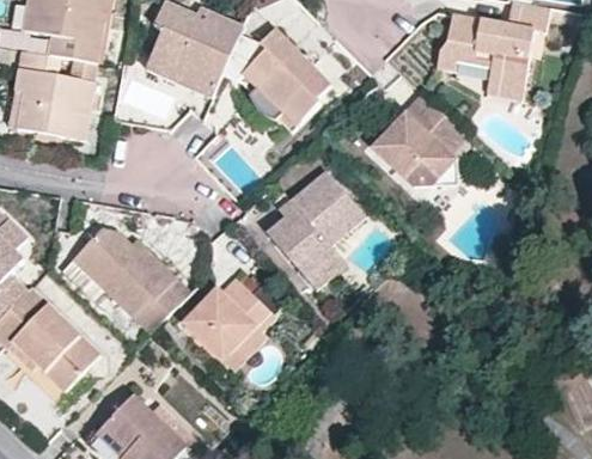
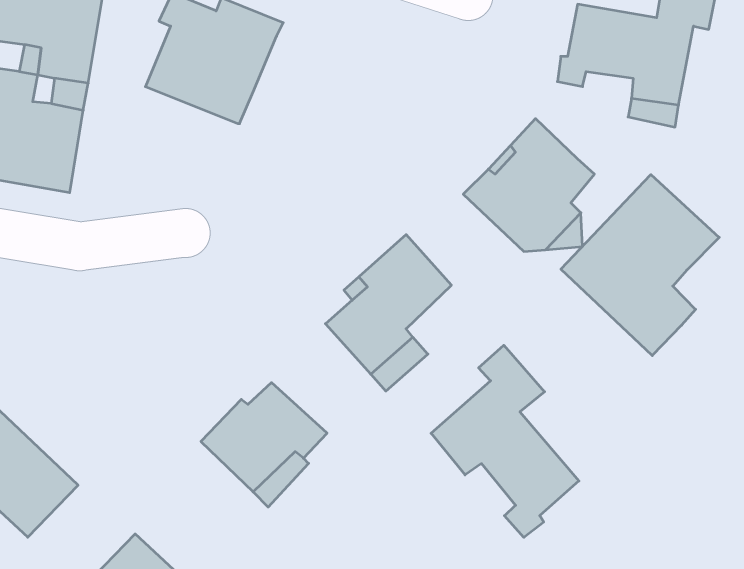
building: [220,29,330,131] -> none
building: none -> [561,175,719,356]
building: [69,227,188,332] -> none
building: none -> [431,345,579,537]

